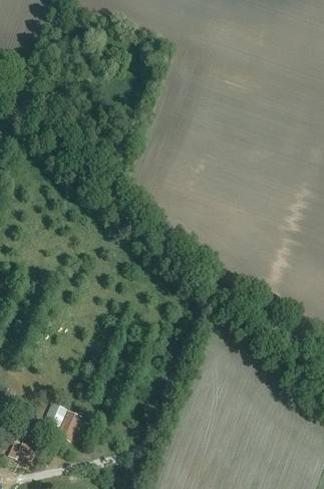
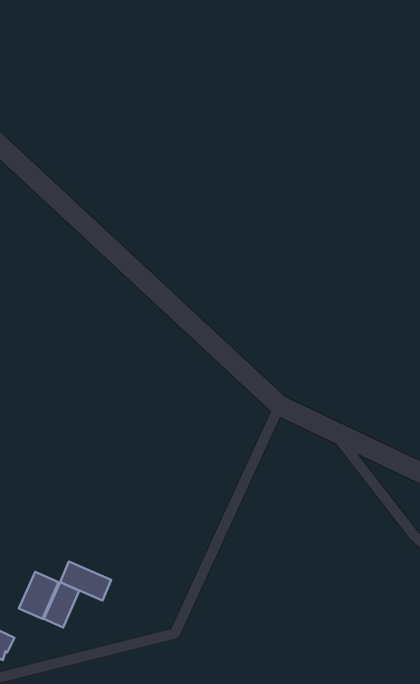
building: none -> [60,561,111,601]

